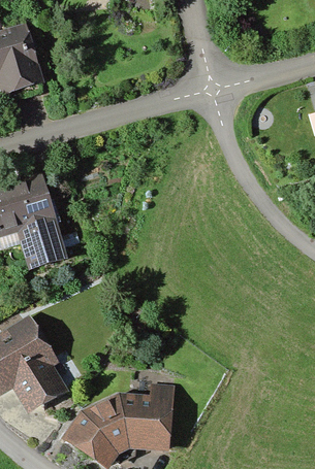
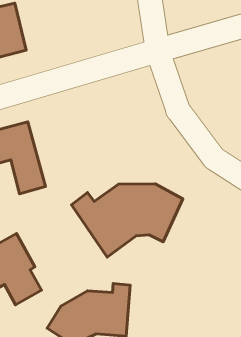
building: none -> [71,184,183,257]

